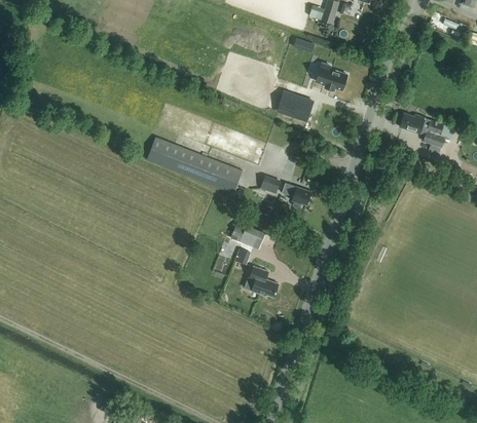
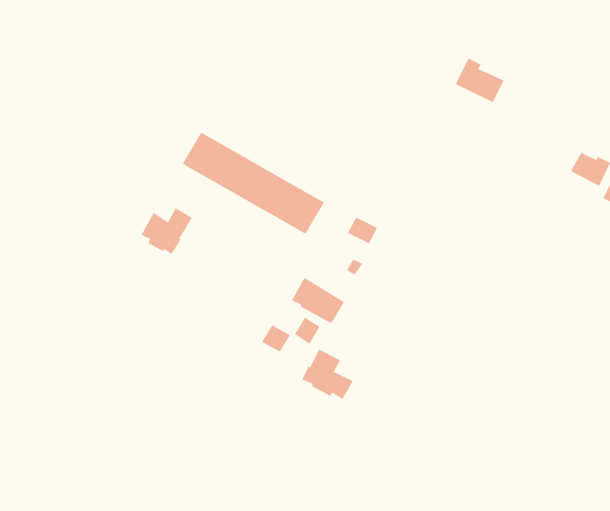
building: [278,91,314,120] -> none
building: [282,182,311,207] -> none
building: none -> [141,207,192,255]

